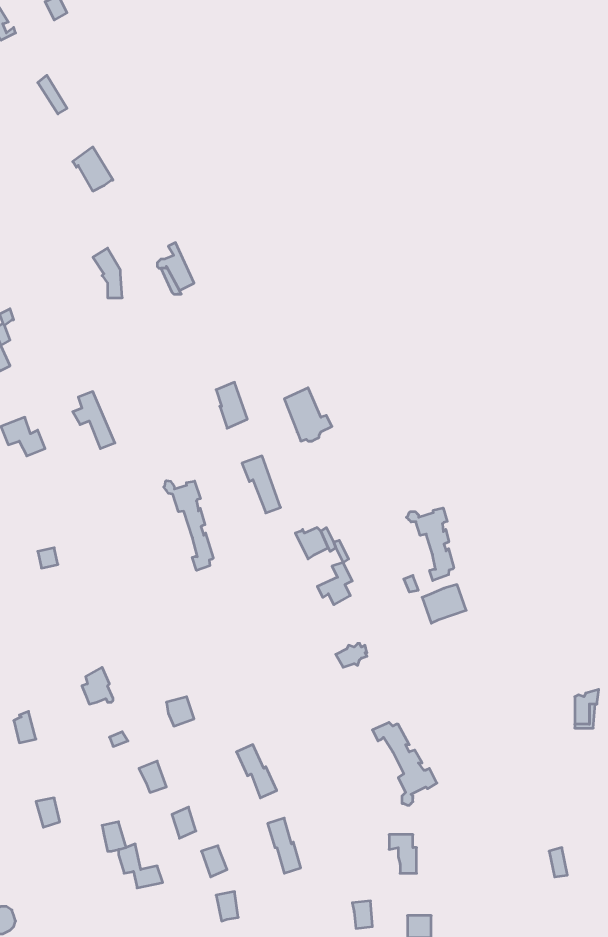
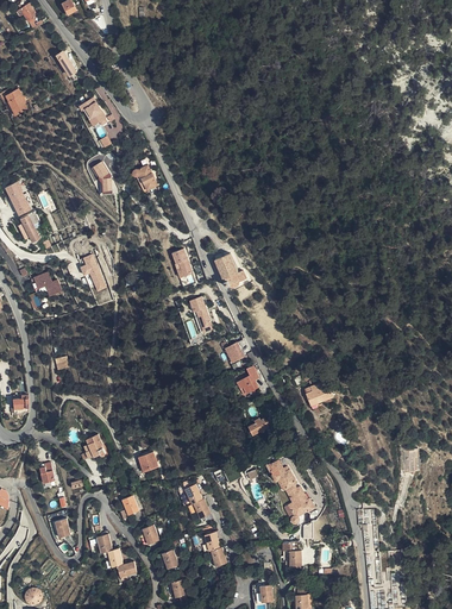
building: [164,481,213,570] -> none
building: [406,508,454,581] -> none

